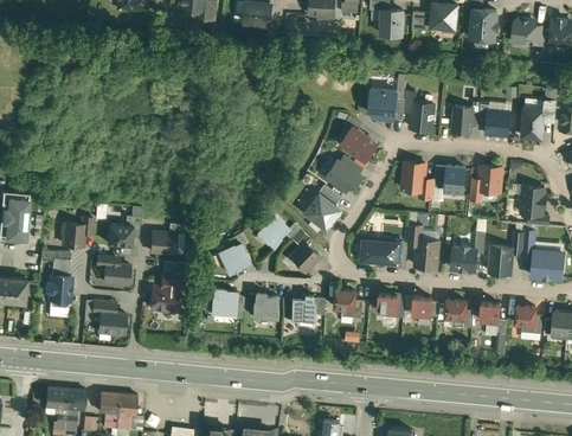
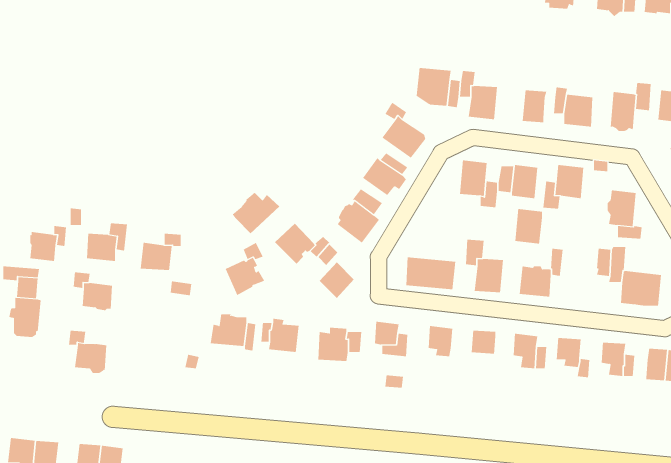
building: none -> [232,192,280,234]
building: [489,248,512,276] -> [515,208,543,244]
building: [149,272,182,312] -> none

